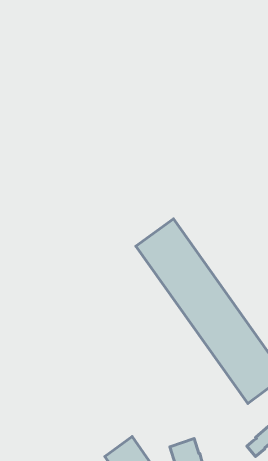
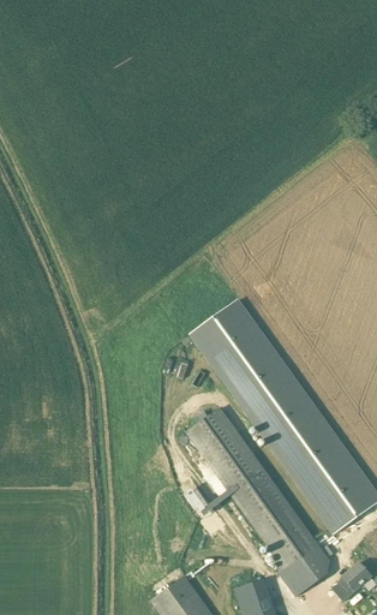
building: none -> [186,407,331,597]

